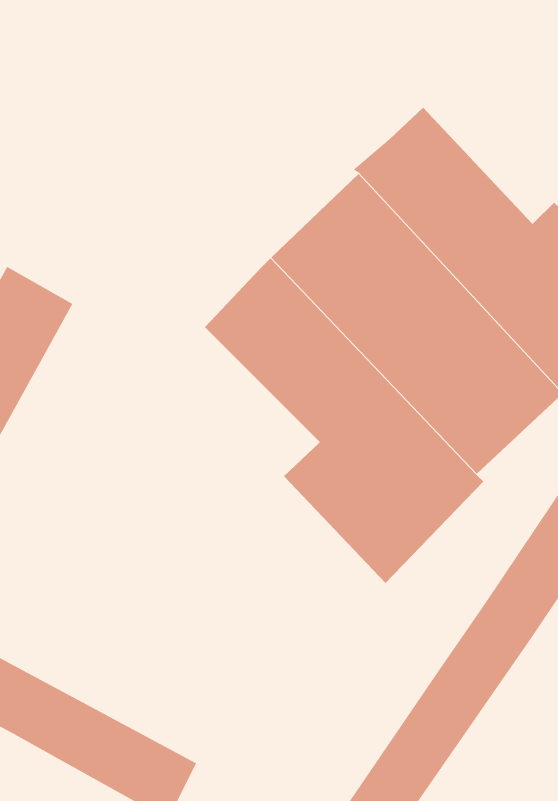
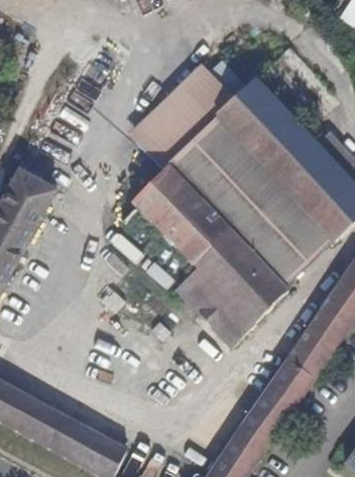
building: none -> [135,71,234,169]

